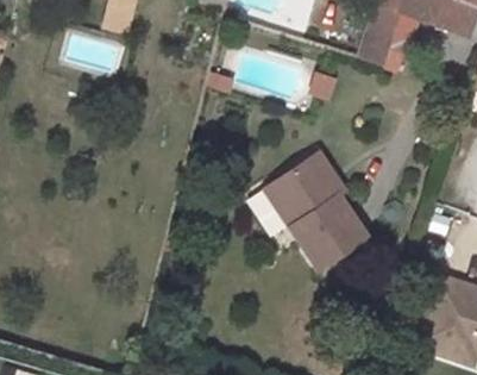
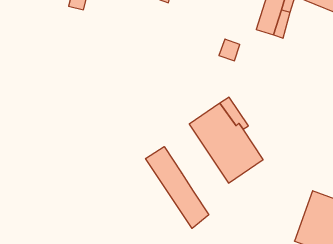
building: none -> [146,147,209,228]

